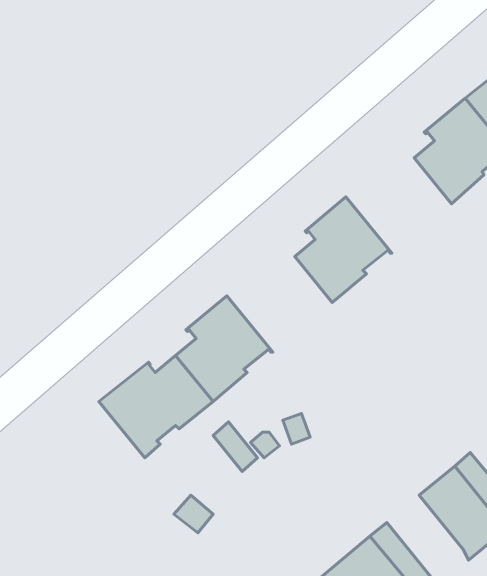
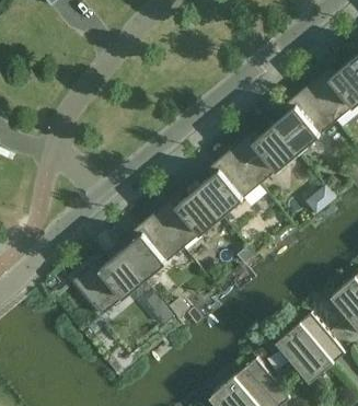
building: none -> [230,125,298,186]
building: none -> [153,188,221,250]

